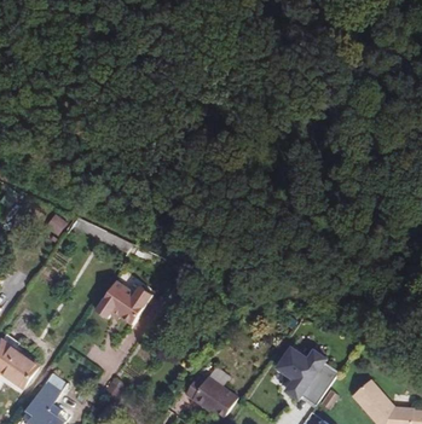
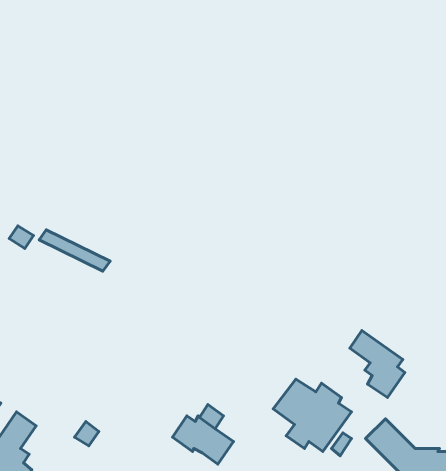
building: [96,279,152,324] -> none
building: none -> [350,330,405,398]

